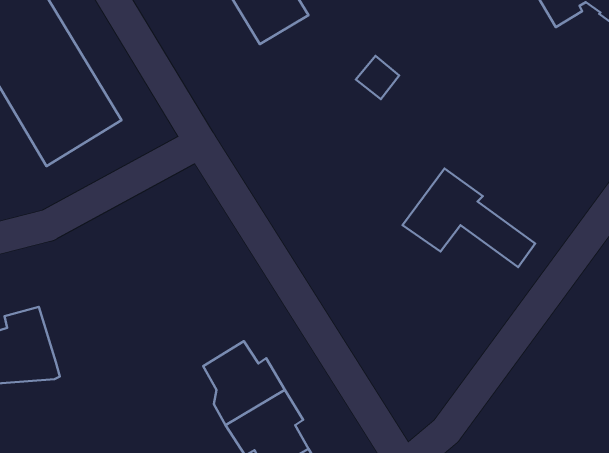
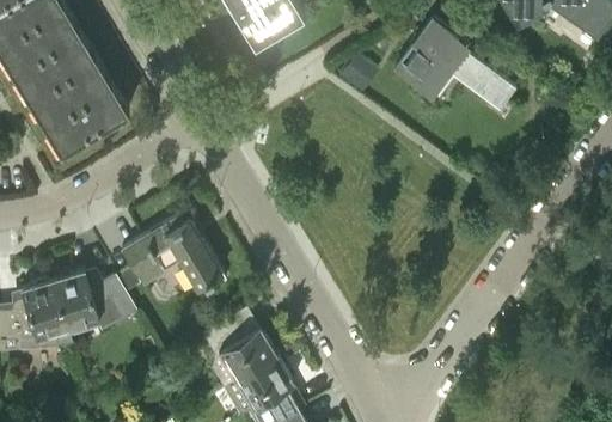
building: [402,169,535,267] -> [394,20,515,110]
building: none -> [121,210,221,289]
building: none -> [53,271,136,331]

